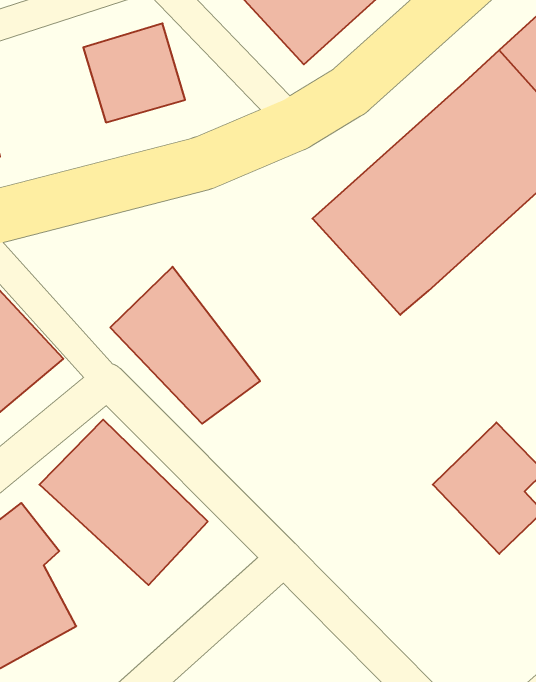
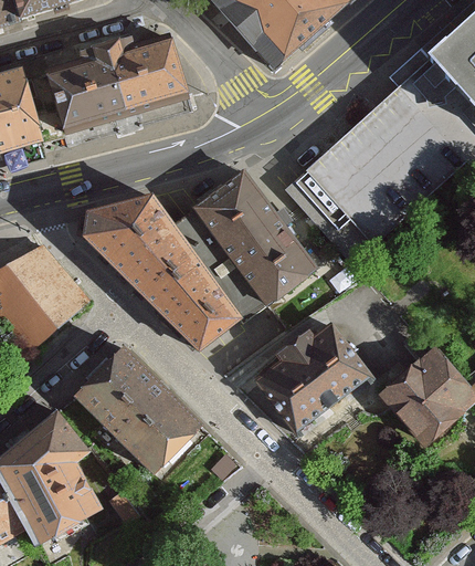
building: none -> [46,54,123,130]
building: none -> [190,170,321,307]
building: none -> [82,195,175,273]
building: none -> [252,322,371,434]

